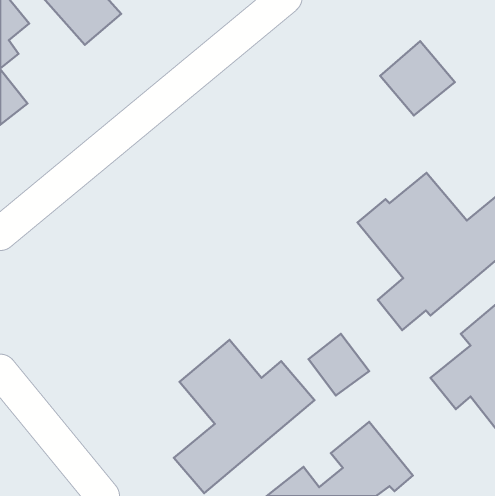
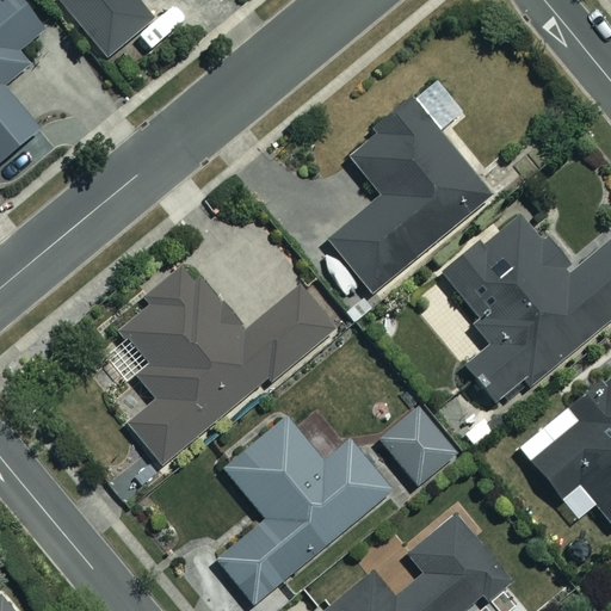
building: [380,41,455,116] -> none
building: none -> [328,98,493,295]
building: none -> [118,261,335,464]

